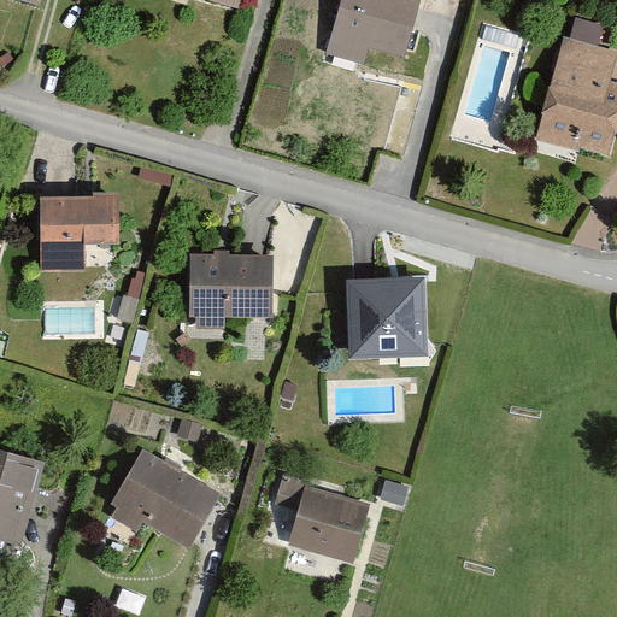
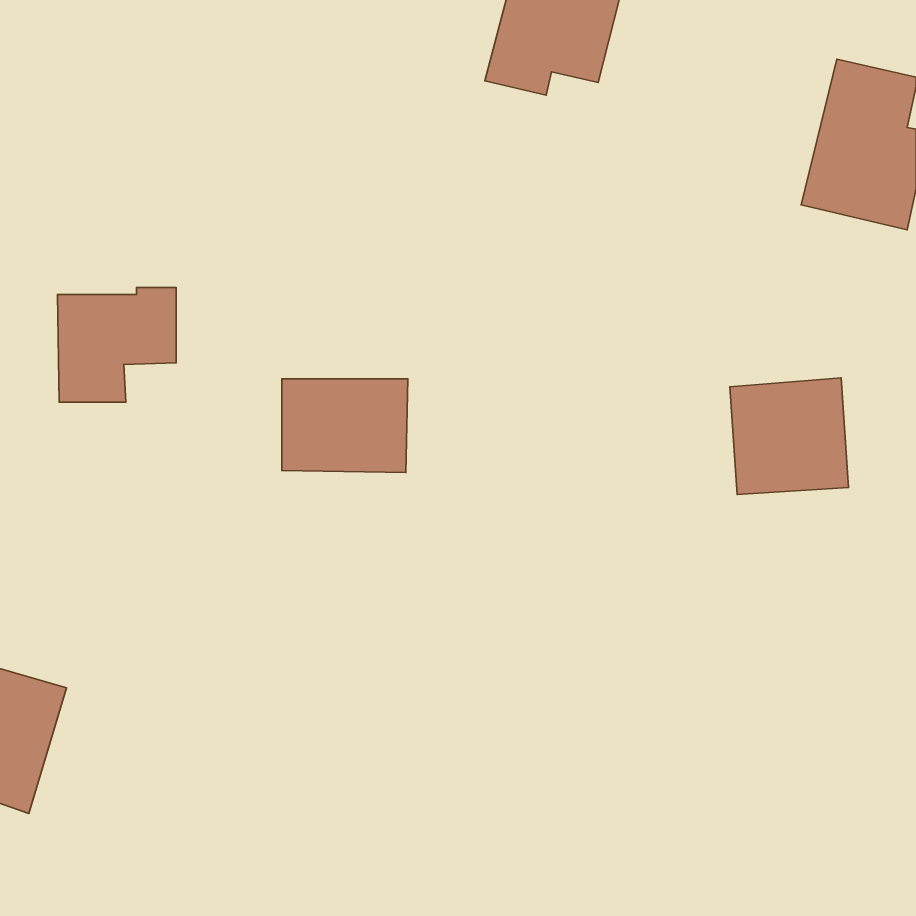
building: [347,277,427,355] -> [730,378,848,495]
building: [111,448,218,546] -> none
building: [287,487,369,563] -> none

